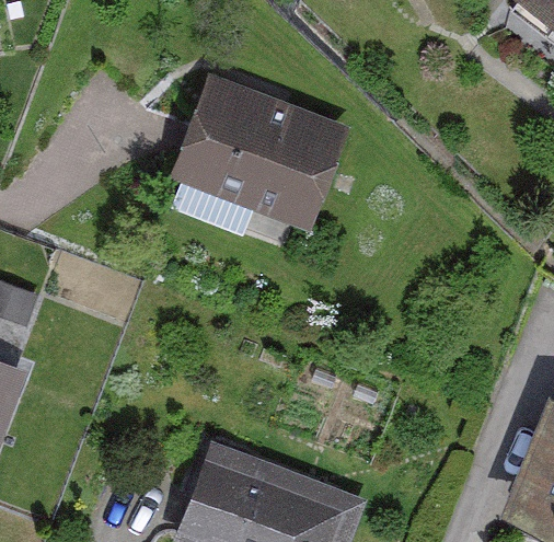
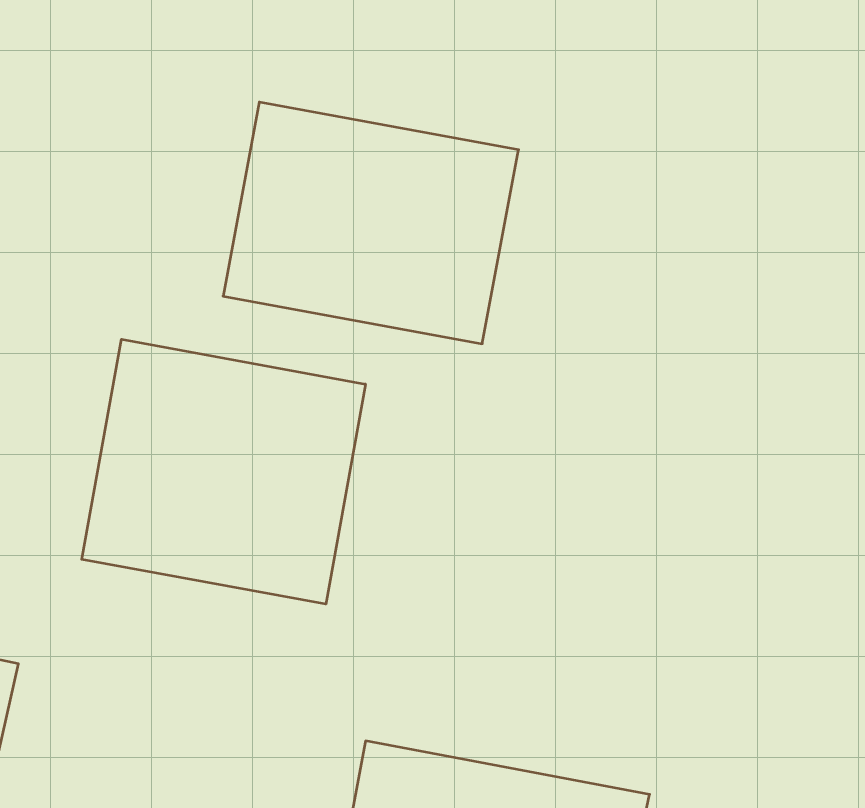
building: none -> [82,339,365,604]

